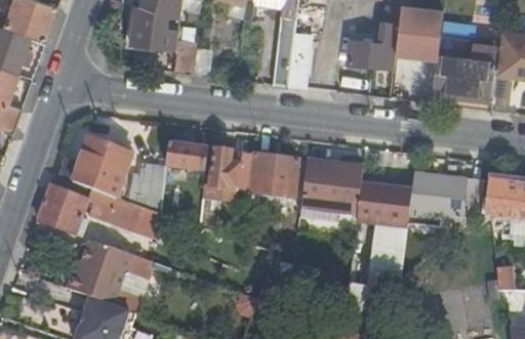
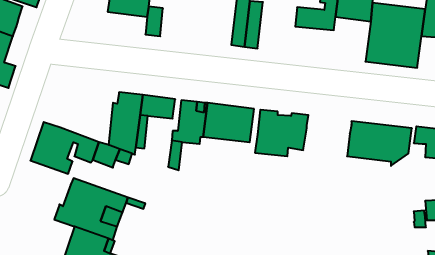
building: [73,137,132,197] -> none
building: [357,181,411,221] -> none

